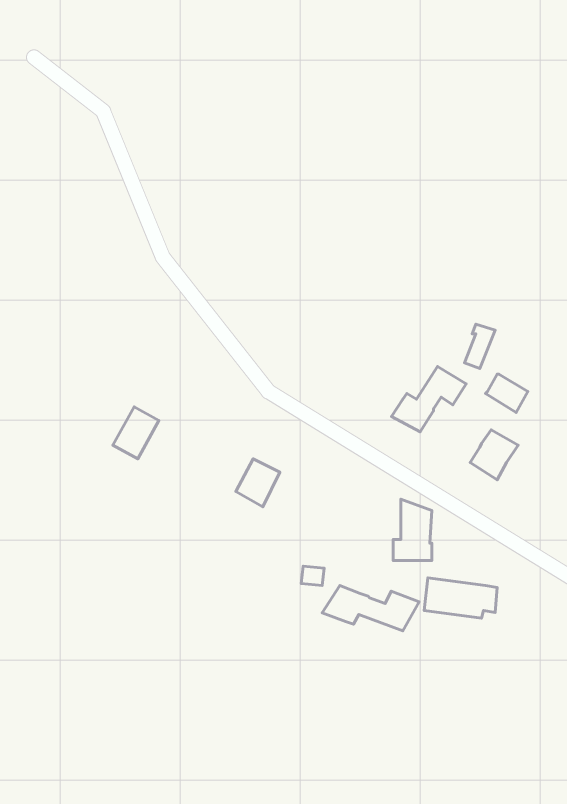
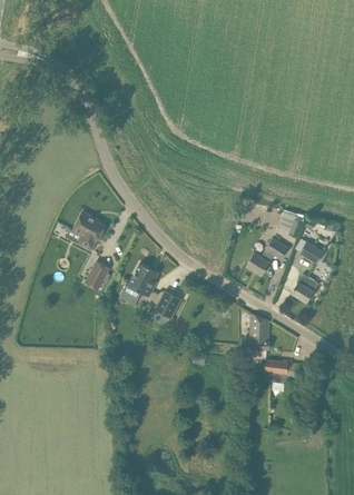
building: none -> [73,211,106,249]
building: none -> [129,263,159,296]
building: [322,586,419,631] -> none

